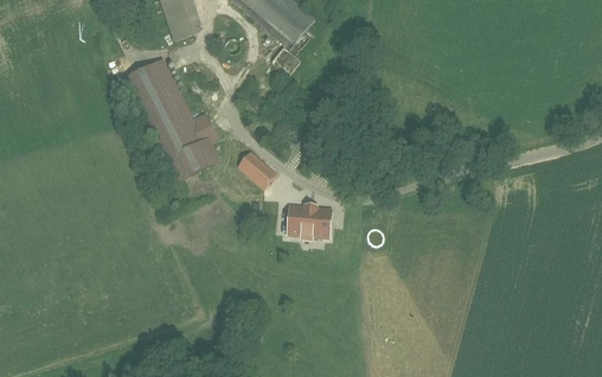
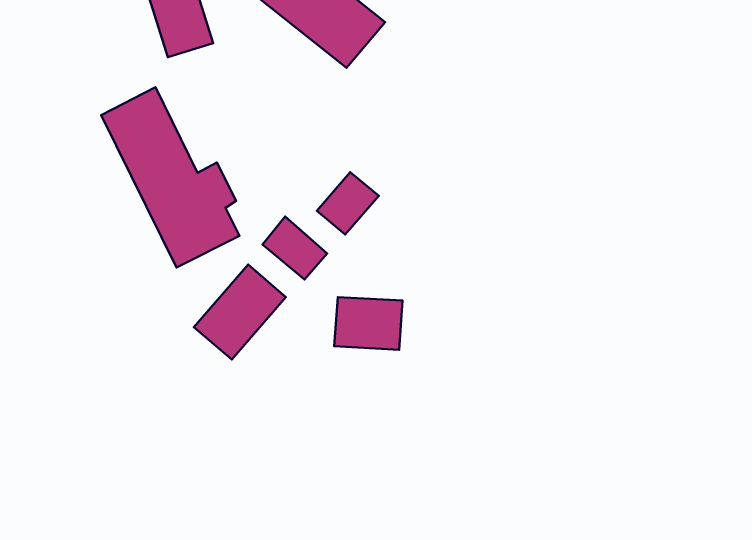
building: none -> [317,172,379,234]
building: none -> [194,265,286,360]

